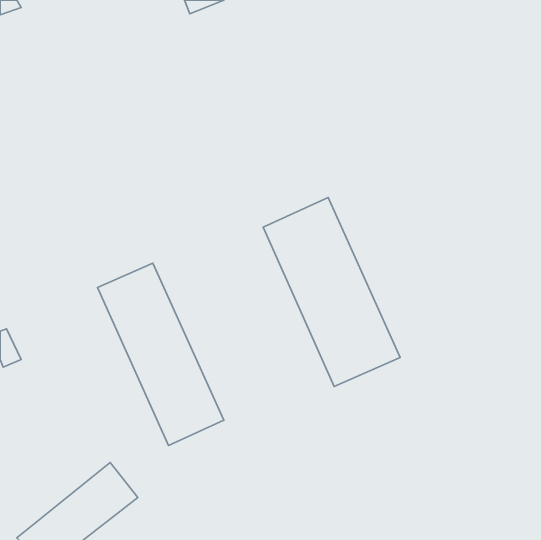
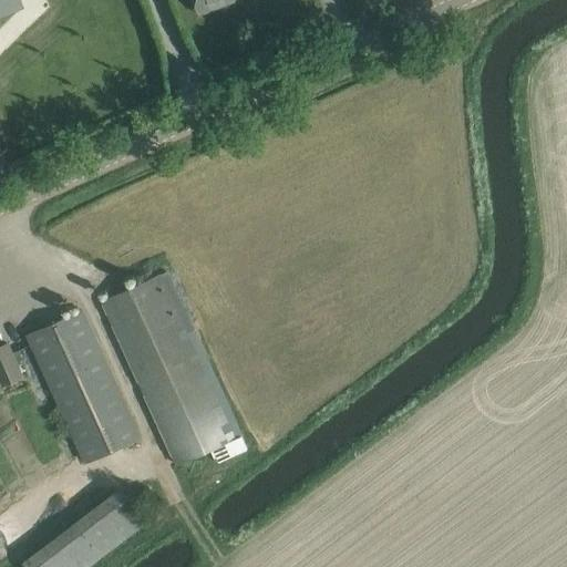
building: [263,198,400,387] -> none
building: none -> [28,311,141,464]

